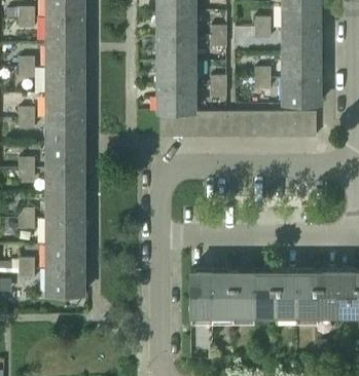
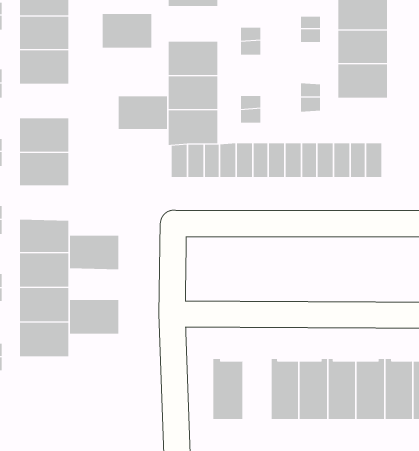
building: [157,11,194,37] -> [102,14,152,48]
building: [47,69,84,93] -> [118,96,168,129]
building: [283,79,320,105] -> none
building: [47,144,84,170] -> [69,235,119,270]
building: [47,270,84,296] -> [69,300,119,334]
building: [213,271,234,316] -> none

